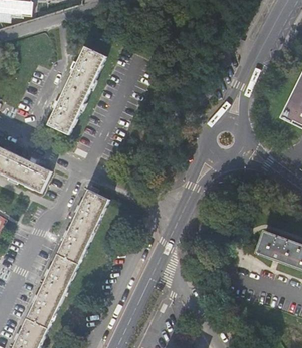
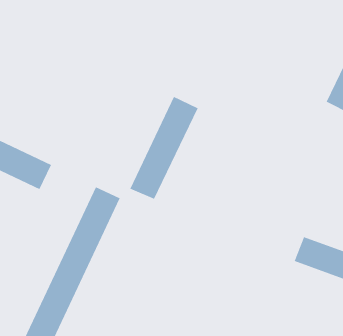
building: [47,45,105,132] -> [130,96,198,200]

